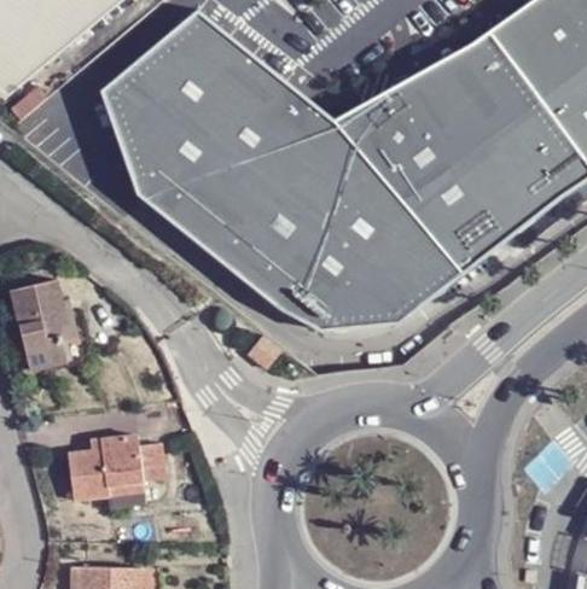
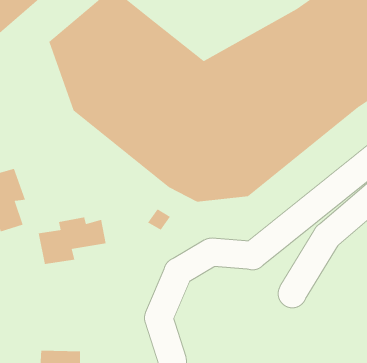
building: [62,431,164,502] -> [38,217,107,265]

